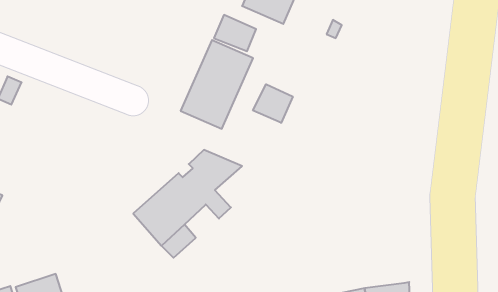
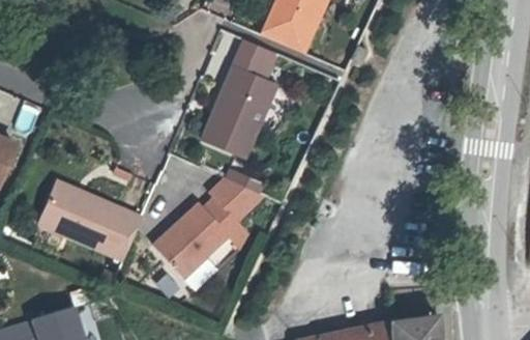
building: [253,84,293,123] -> none
building: none -> [37,180,141,259]

